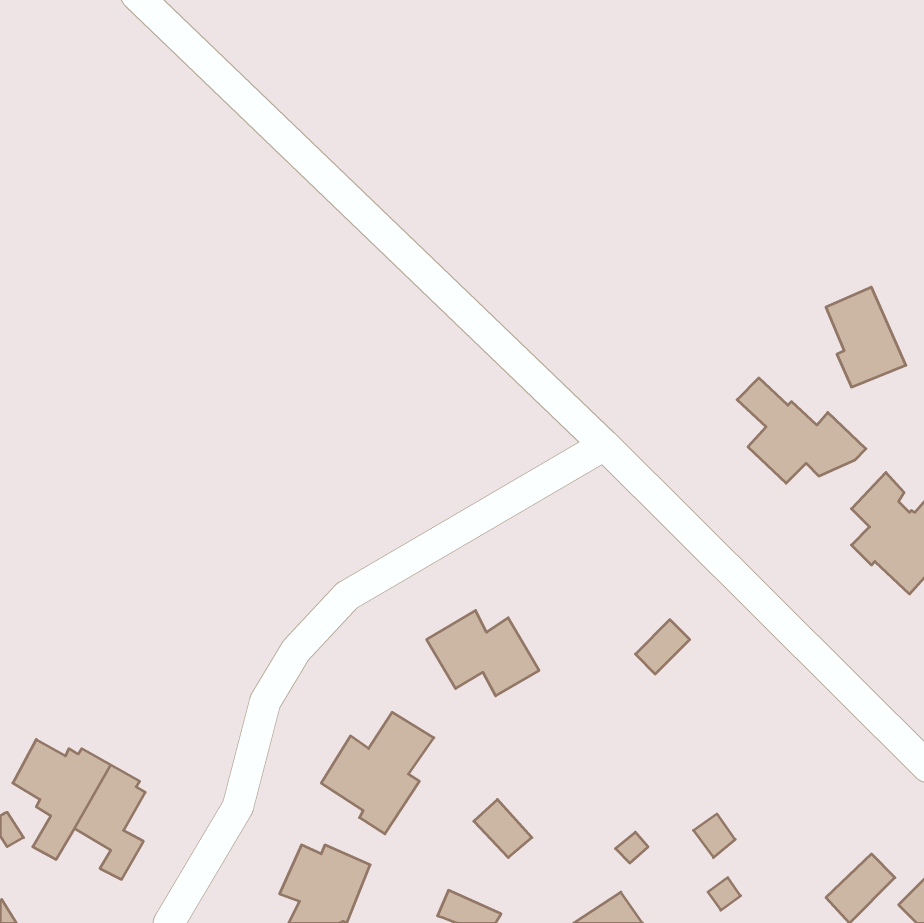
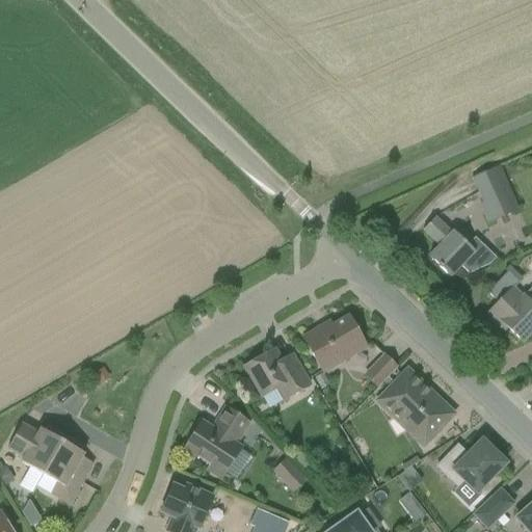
building: none -> [304,316,368,371]
building: none -> [379,370,453,438]
building: none -> [438,440,507,493]

